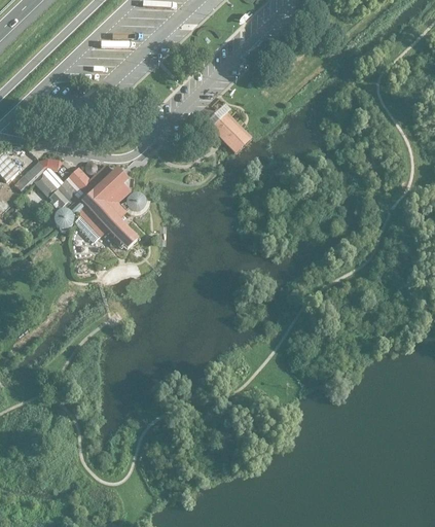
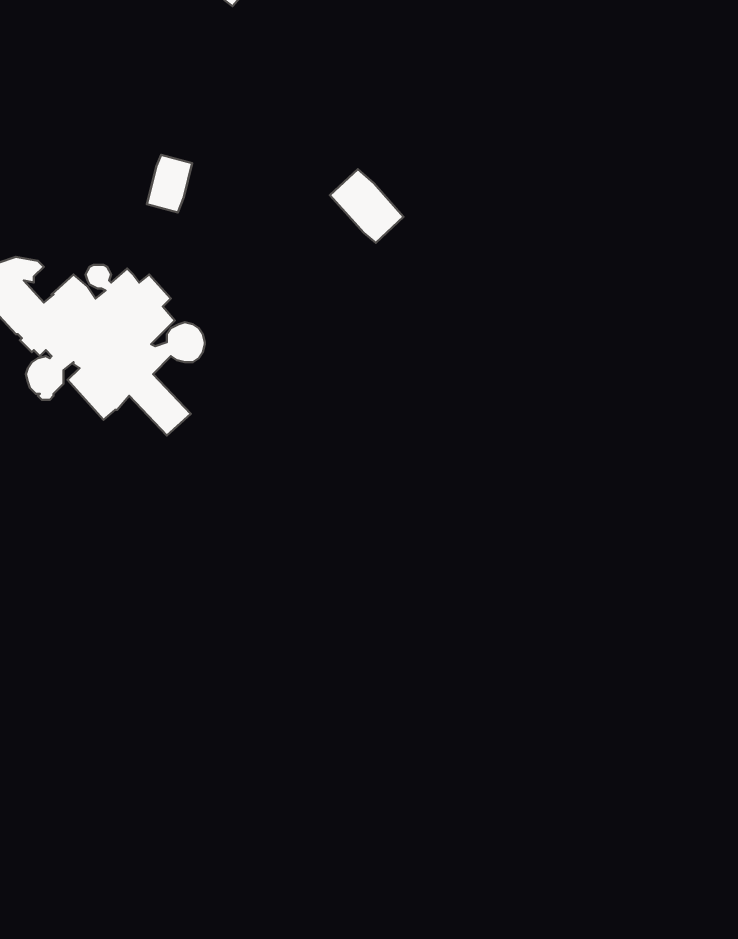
building: none -> [147,155,192,212]

